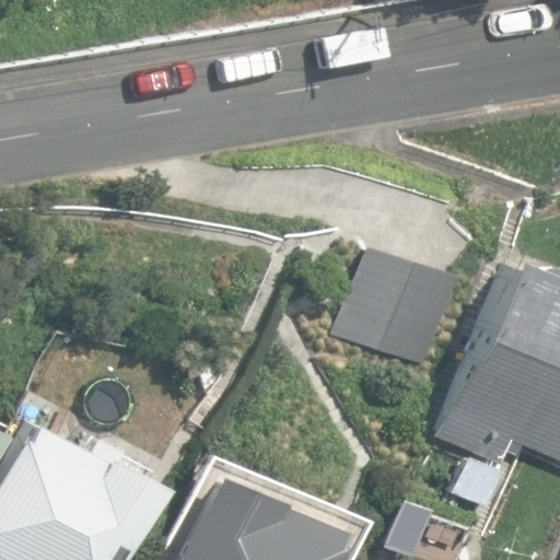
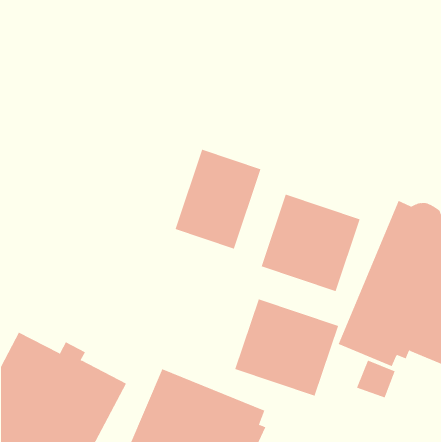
building: none -> [175,149,261,249]
building: none -> [235,298,339,396]

